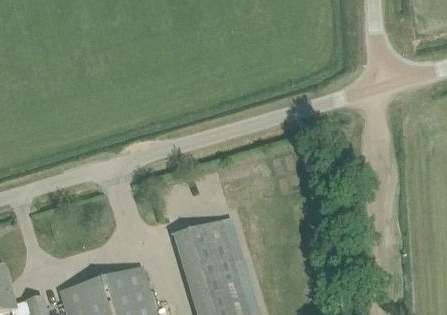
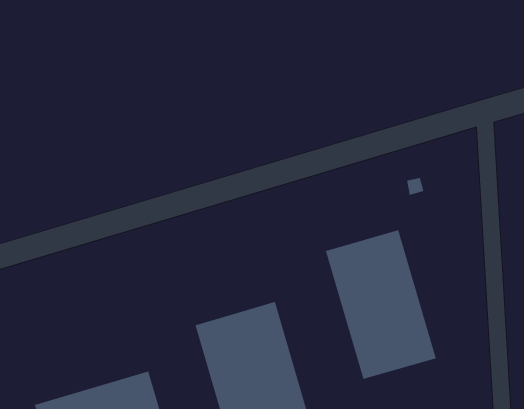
building: none -> [325,229,437,380]

